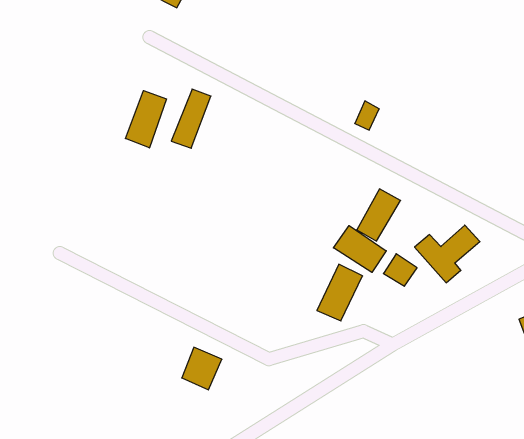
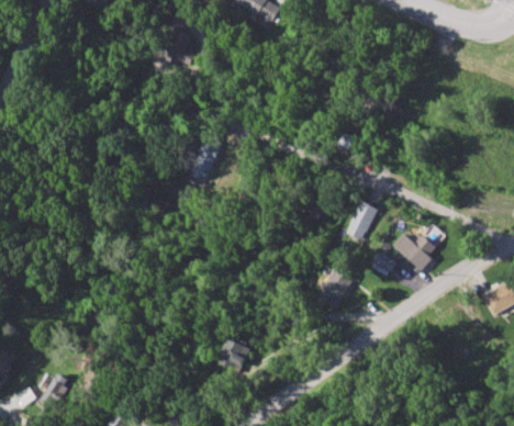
building: [125,91,166,148] -> none
building: [333,226,386,272] -> none

